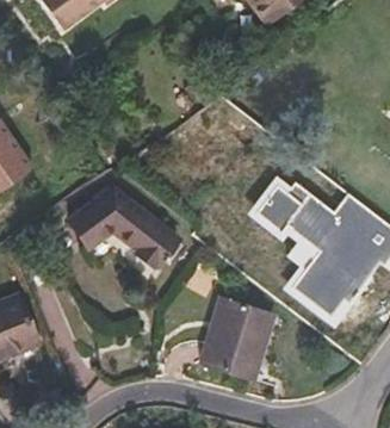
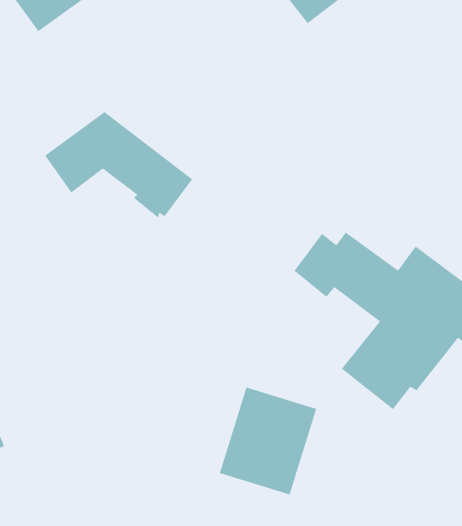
building: [67,186,179,267] -> [44,111,193,219]

